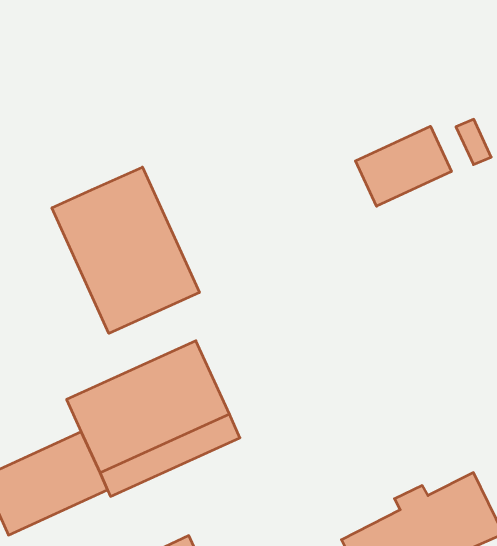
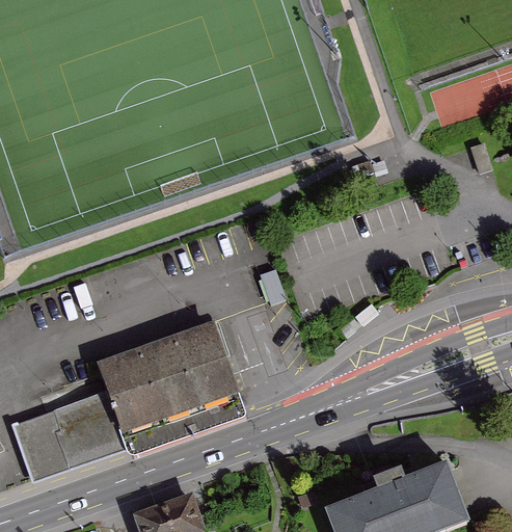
building: [355,126,451,206] -> none
building: [52,167,199,333] -> none

